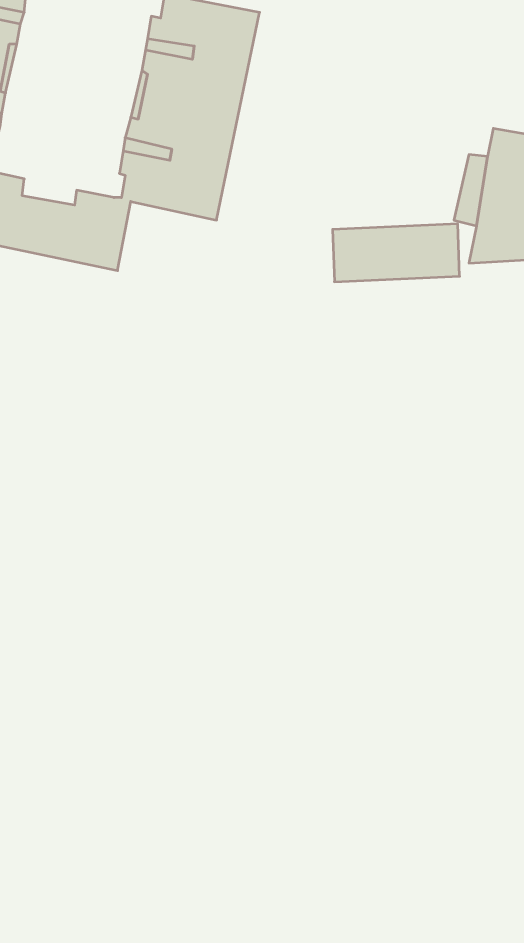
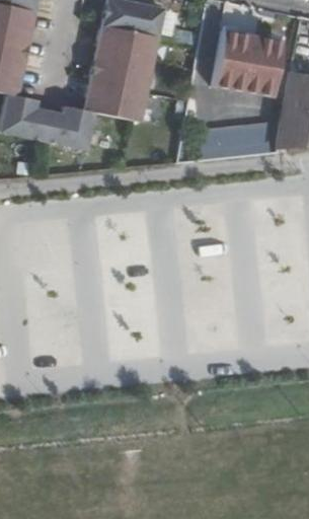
building: none -> [211,26,282,96]

